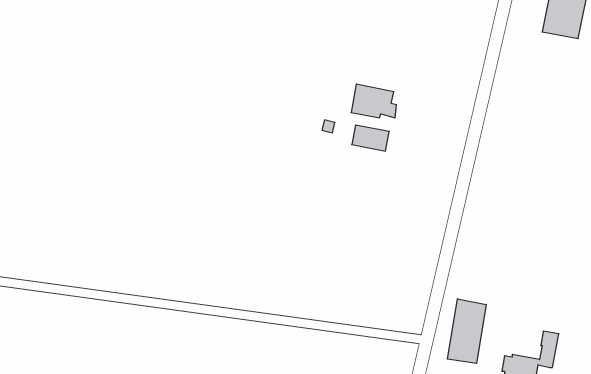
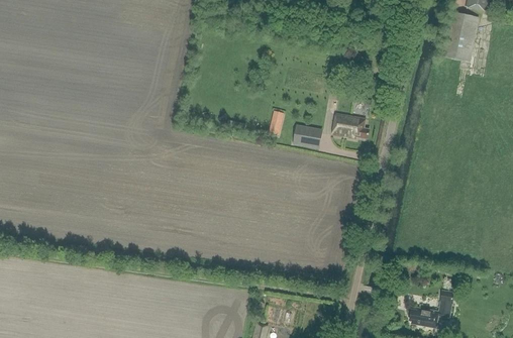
building: [351,84,396,118] -> [332,112,368,138]
building: [447,299,486,363] -> none

